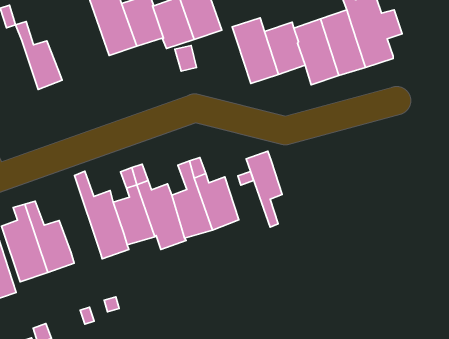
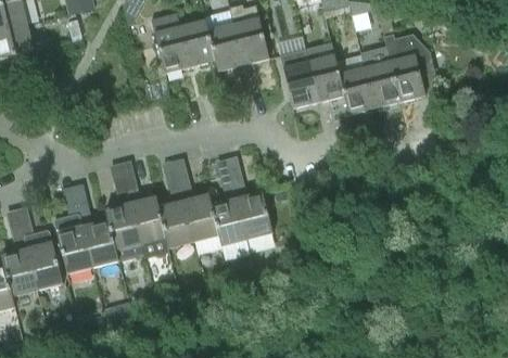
building: [16,22,62,90] -> none
building: [246,151,282,227] -> none
building: none -> [104,180,142,260]

